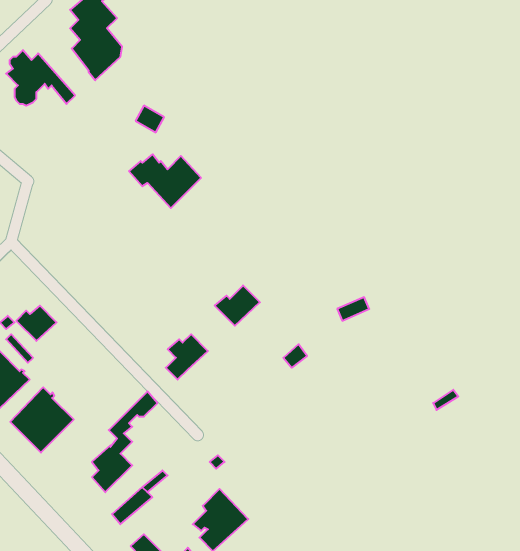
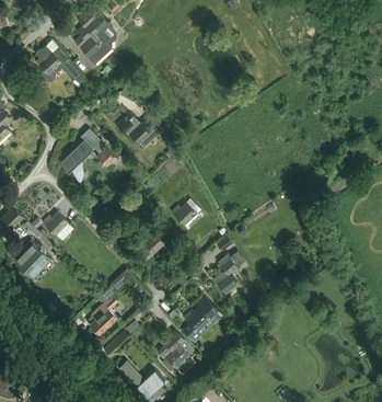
building: none -> [59,126,115,182]
building: none -> [213,253,241,292]
building: [10,387,74,453] -> none
building: none -> [182,295,222,340]

